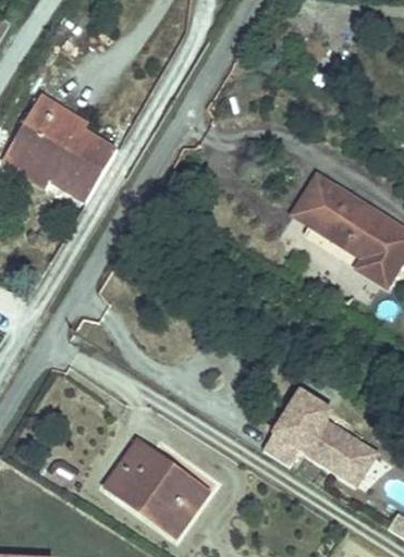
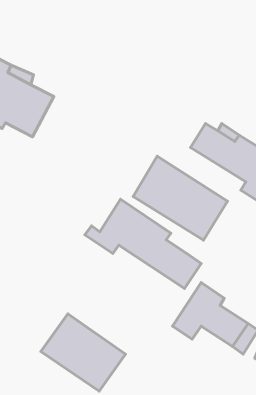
building: none -> [133,156,228,240]
building: none -> [85,199,201,288]

